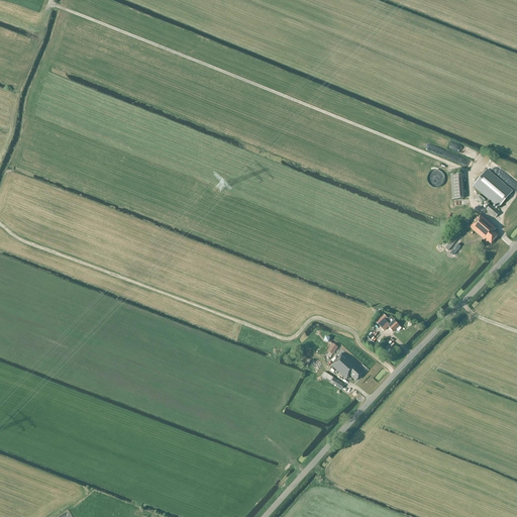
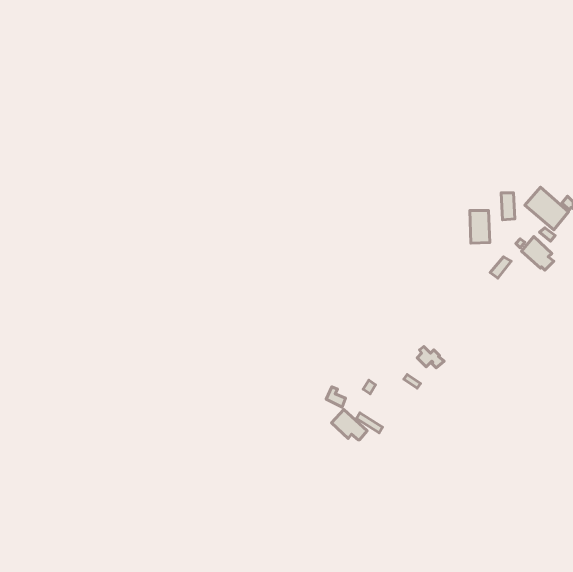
building: none -> [470,211,490,243]
building: [331,352,364,380] -> [331,409,367,440]

